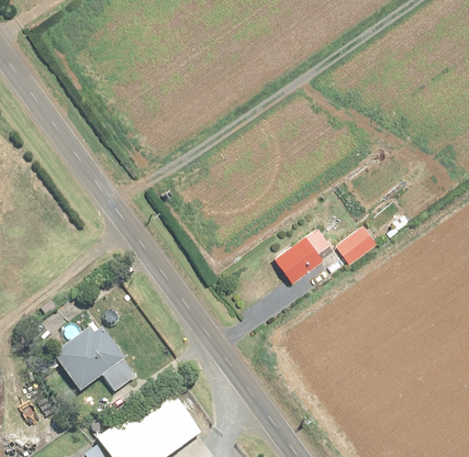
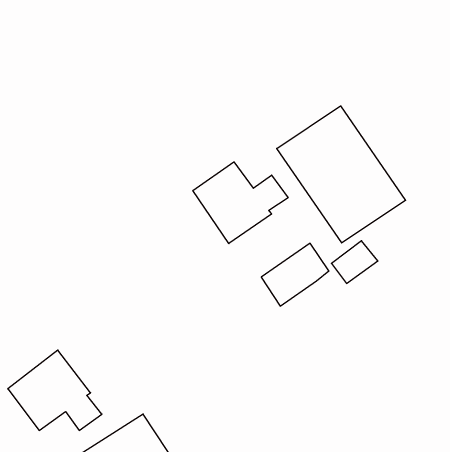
building: none -> [277,106,406,243]
building: none -> [193,162,288,244]

